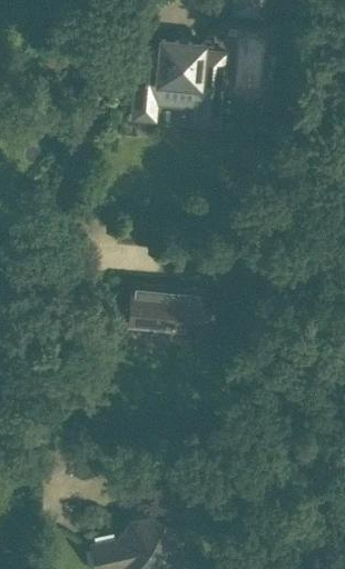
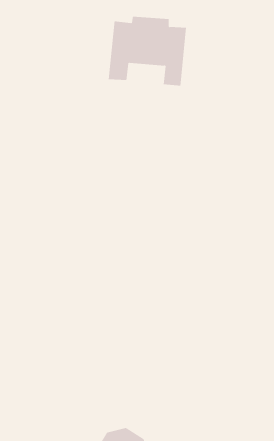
building: [127,290,200,345] -> none

